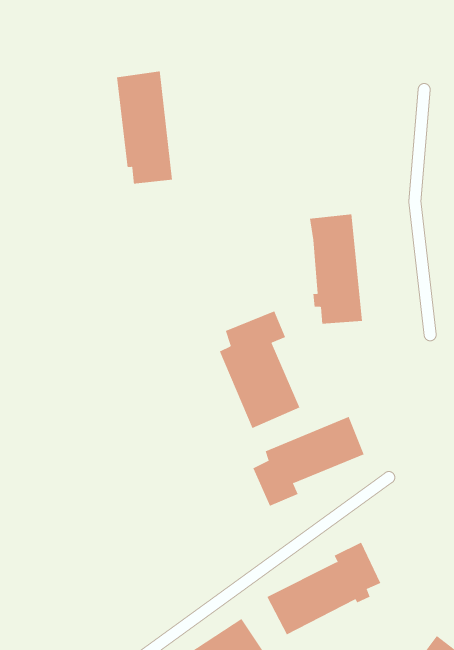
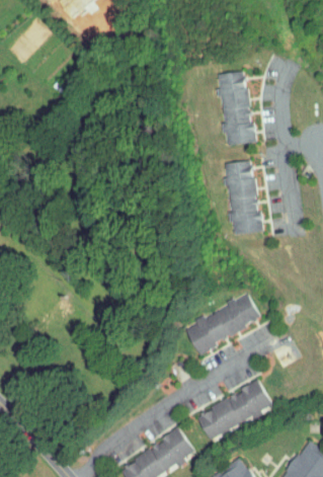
building: [116,71,173,184] -> [217,71,254,146]
building: [219,310,300,429] -> none

